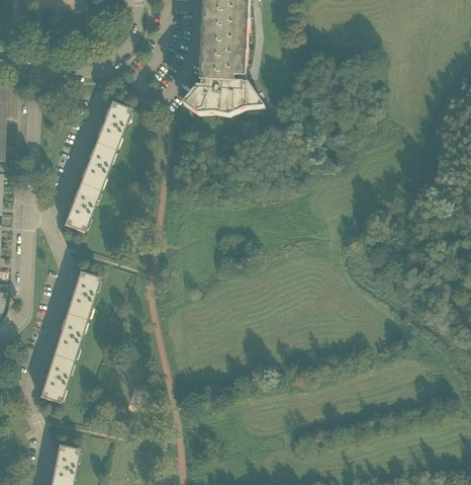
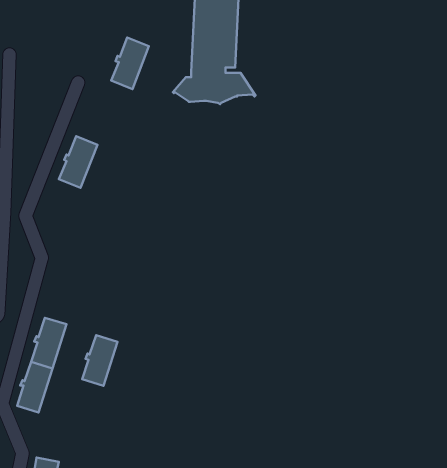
building: [96,102,131,151] -> [111,37,149,89]
building: [65,183,100,232] -> none
building: [67,272,100,320] -> [82,335,118,386]

